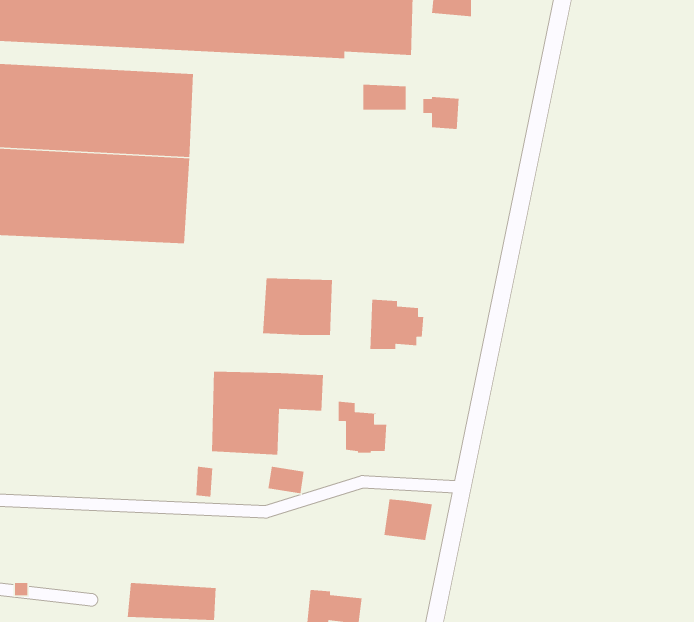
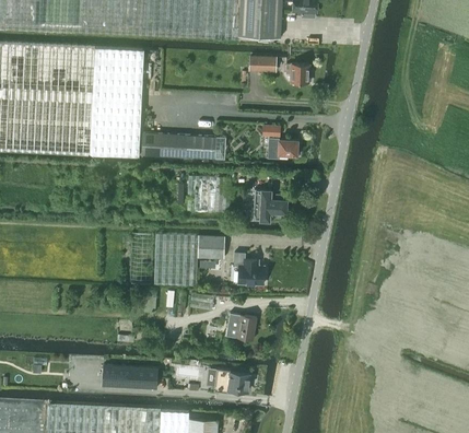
building: none -> [262,125,297,157]
building: none -> [141,132,224,157]
building: [384,499,433,541] -> [225,313,256,339]

